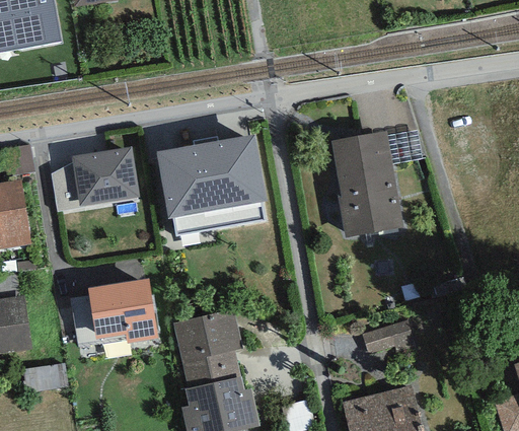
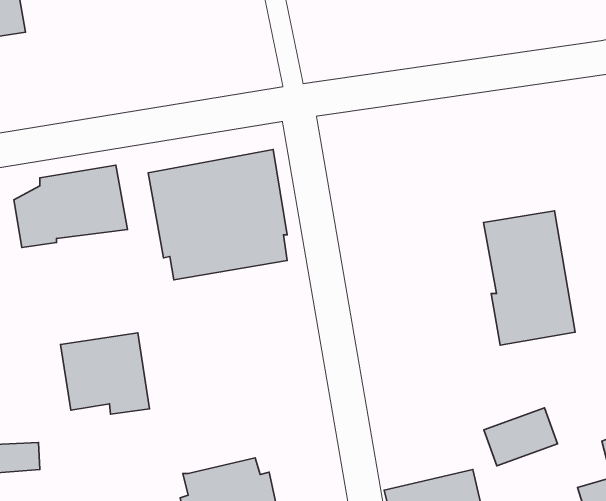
building: [330,131,402,236] -> [483,211,575,345]
building: [172,308,241,388] -> none
building: [362,317,420,363] -> [484,408,557,466]

